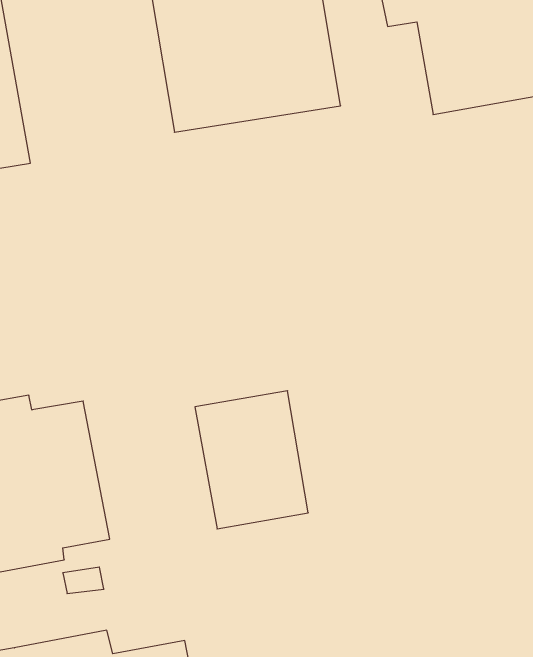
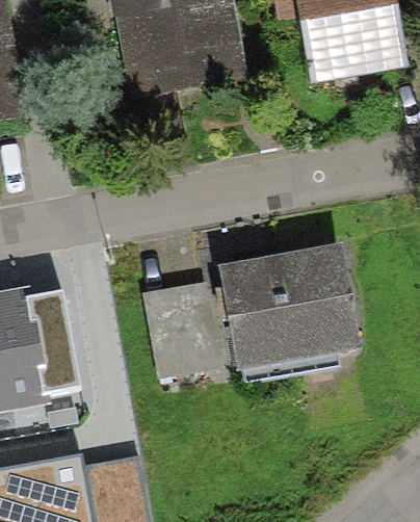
building: none -> [218,247,358,371]

